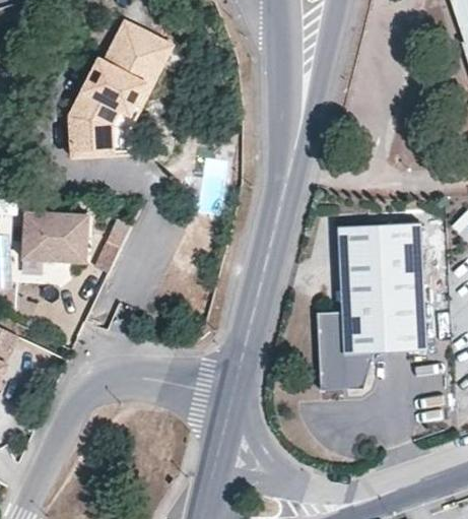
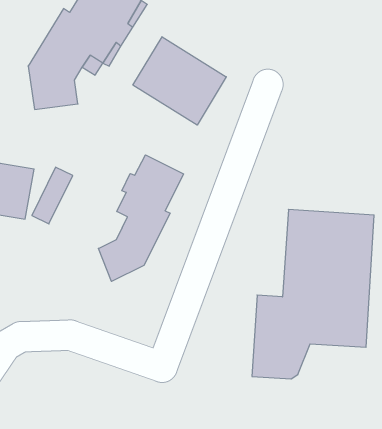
building: none -> [133,37,226,125]
building: none -> [98,155,184,281]

